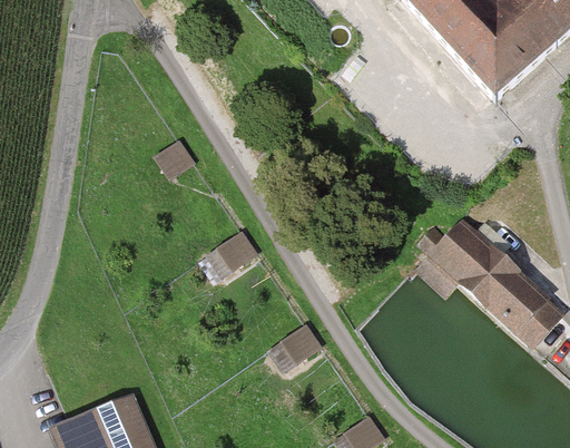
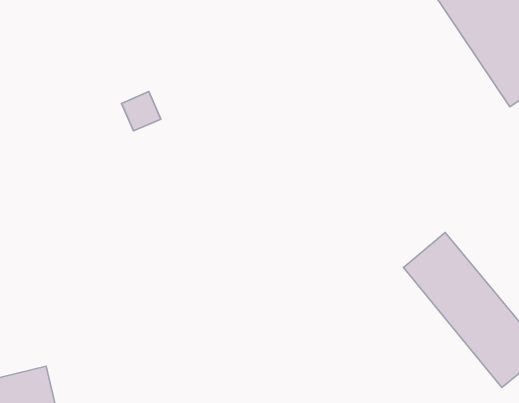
building: [206,230,258,276] -> none
building: [271,323,323,370] -> none

